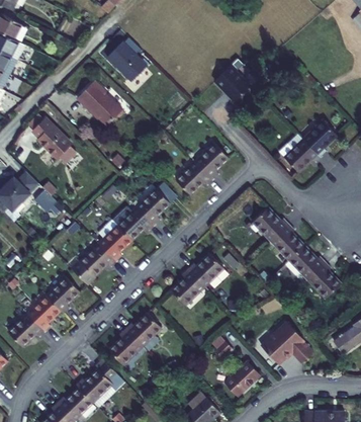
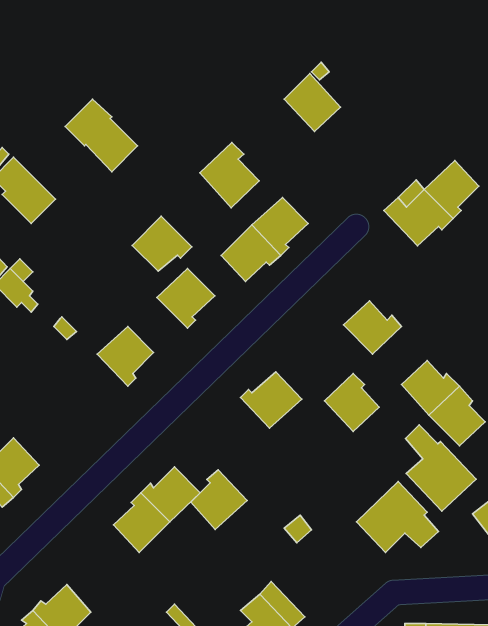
building: [106,40,147,81] -> none
building: none -> [200,142,259,208]
building: [116,205,154,240] -> [132,216,192,271]
building: [270,224,304,260] -> [324,373,379,431]
building: [77,241,116,277] -> none
building: [170,268,205,306] -> [191,470,247,530]
building: [44,275,80,313] -> none
building: none -> [406,425,476,511]
building: [76,358,122,403] -> none
building: [222,359,260,398] -> none

